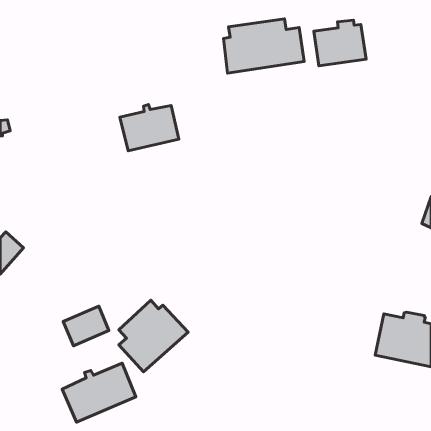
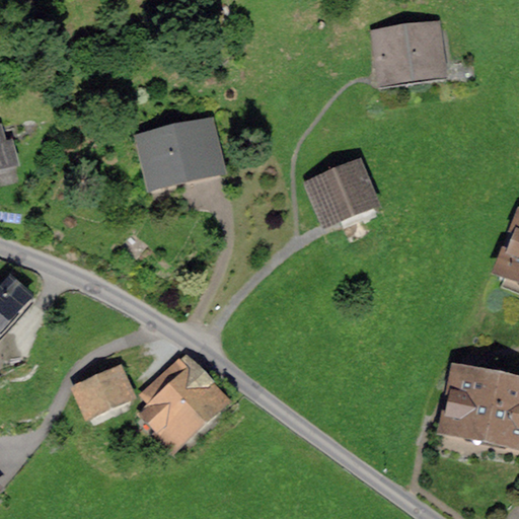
building: [223,19,304,73] -> none
building: none -> [312,169,371,219]
building: [62,363,136,422] -> none

